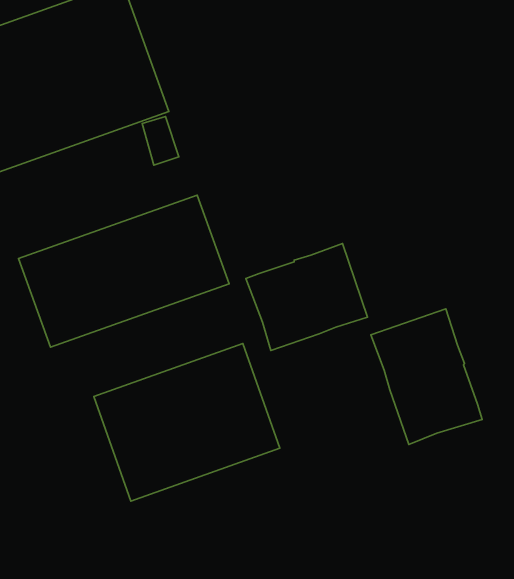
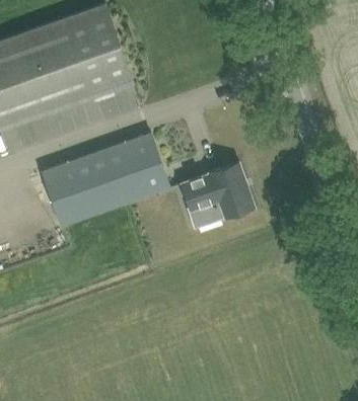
building: [371,309,482,445] -> none
building: [94,344,280,501] -> none

